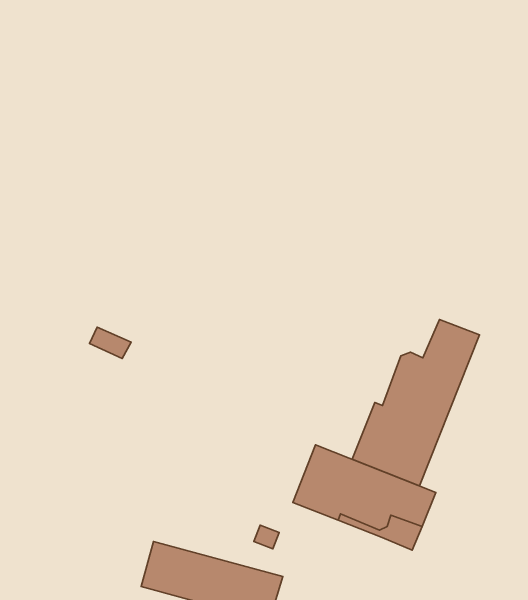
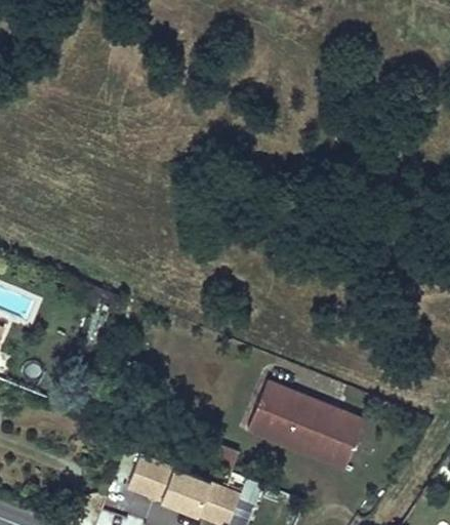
building: [352,319,479,486] -> none

